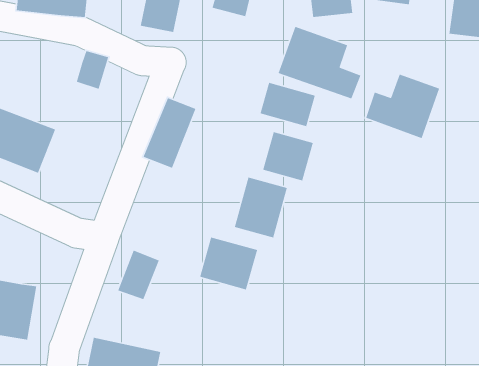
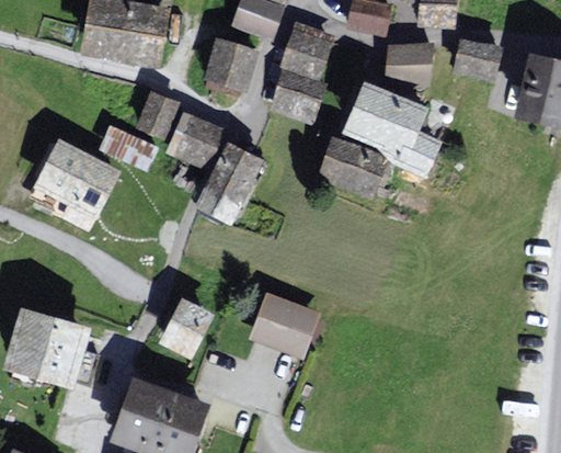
building: none -> [272,71,322,118]
building: none -> [168,112,220,163]
building: [365,74,440,139] -> none
building: none -> [101,125,153,166]
building: [262,131,314,181] -> none
building: [234,177,288,239] -> none

